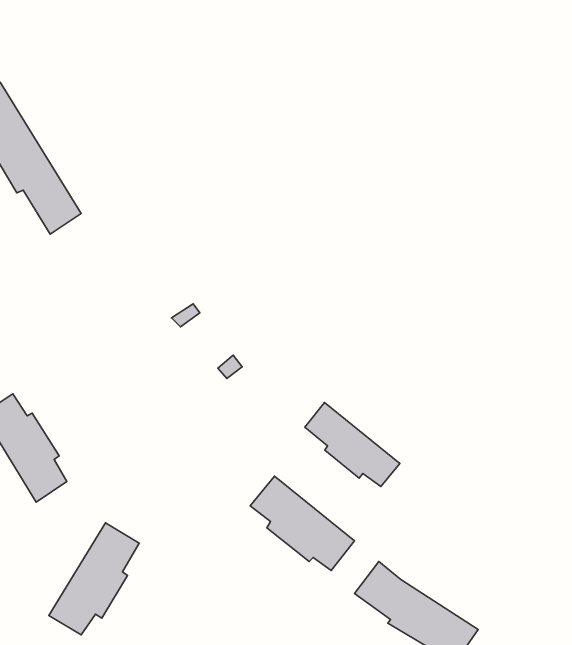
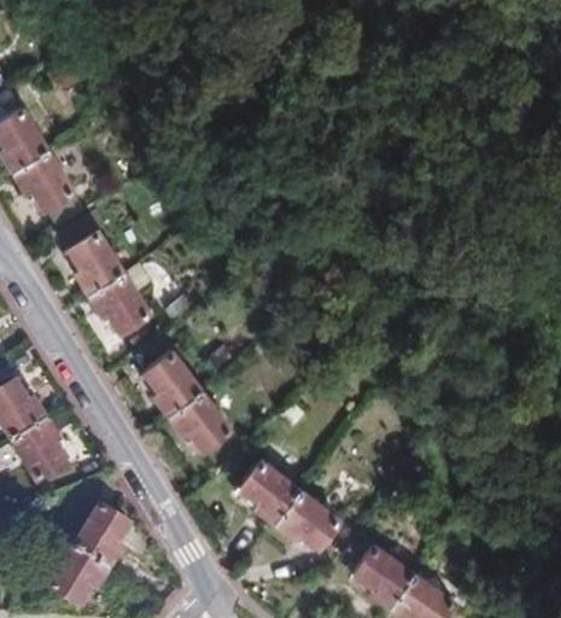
building: none -> [54,211,146,332]
building: none -> [135,334,234,461]
building: [305,403,400,487] -> none

